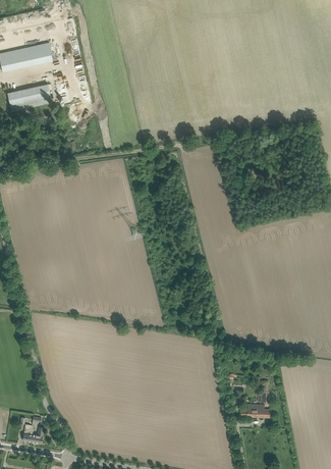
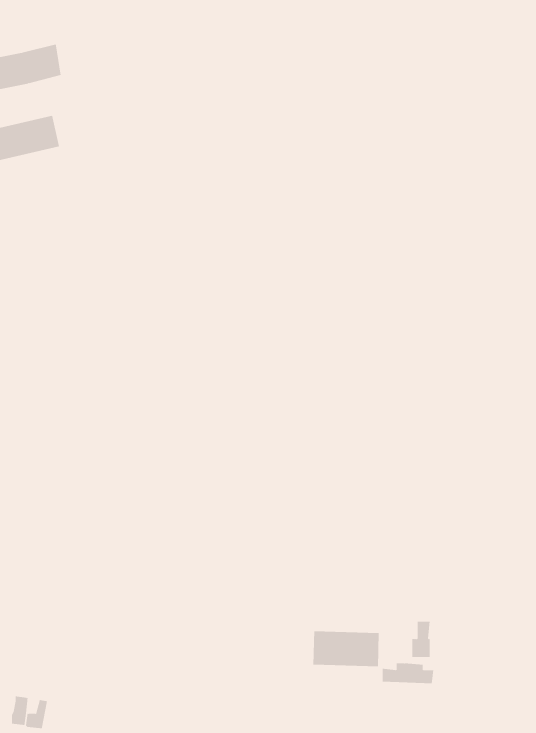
building: none -> [313,630,379,667]

